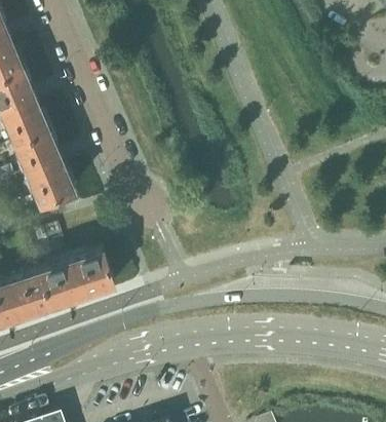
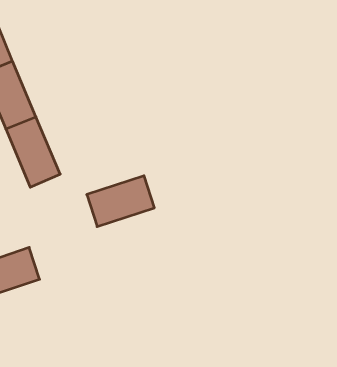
building: [40,255,114,310] -> [87,176,154,227]

